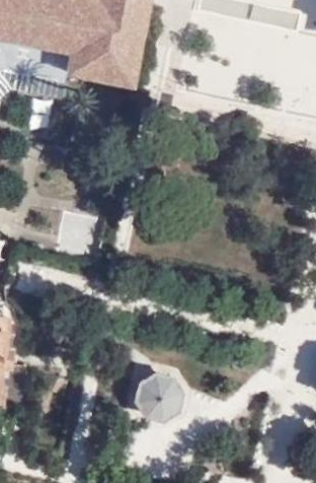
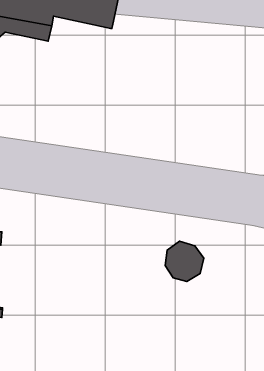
building: [139,377,182,423] -> [165,241,204,281]

